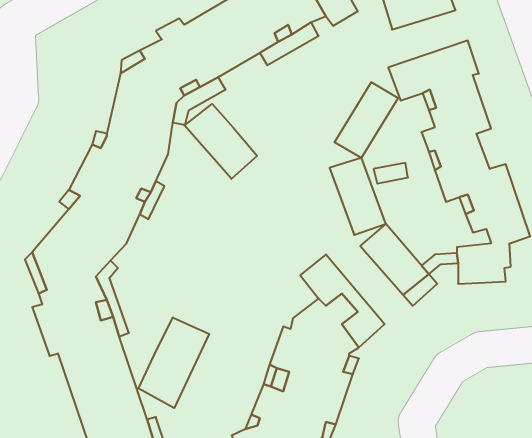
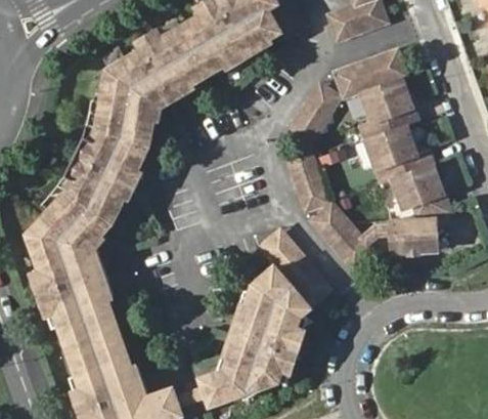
building: [184,104,257,179] -> none
building: [138,317,209,408] -> none

